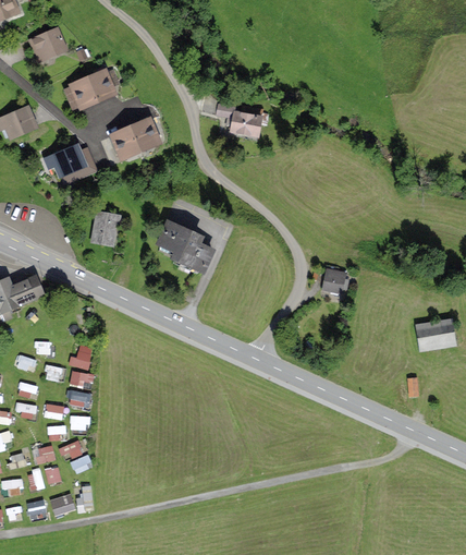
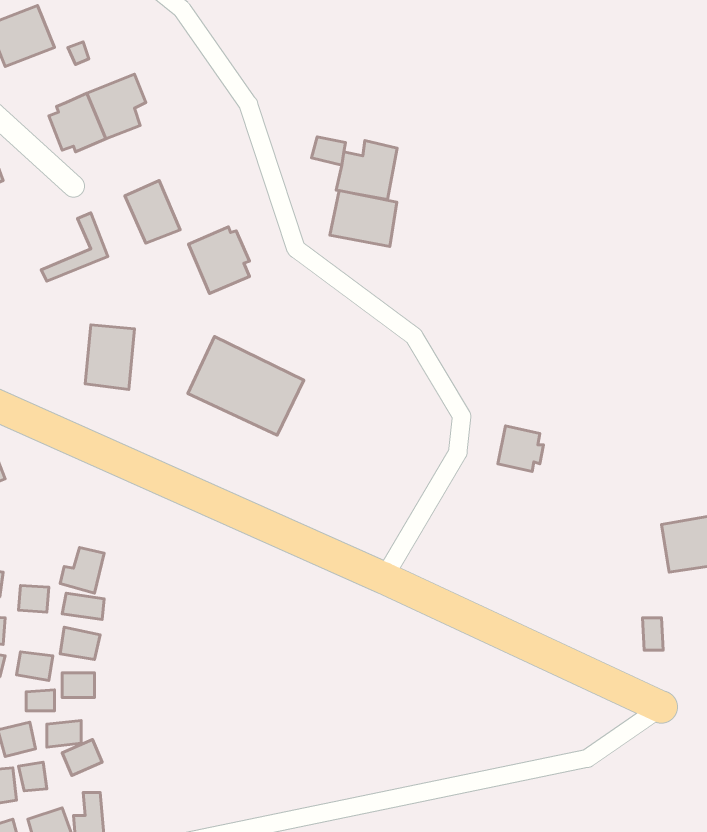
building: [126,119,161,157] -> [189,227,249,293]
building: none -> [330,191,397,246]
building: [41,145,87,180] -> none

